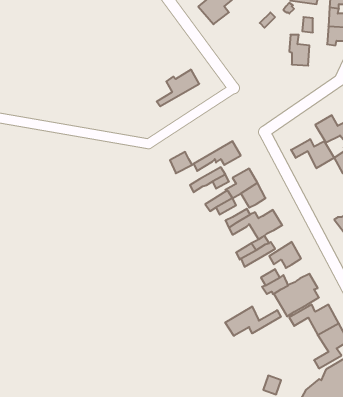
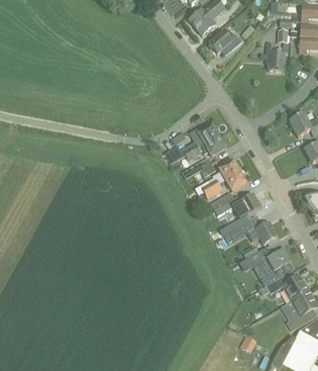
building: none -> [209,27,241,53]
building: [157,70,199,106] -> [182,122,218,154]
building: [291,139,334,168] -> none
building: [225,306,281,336] -> none

